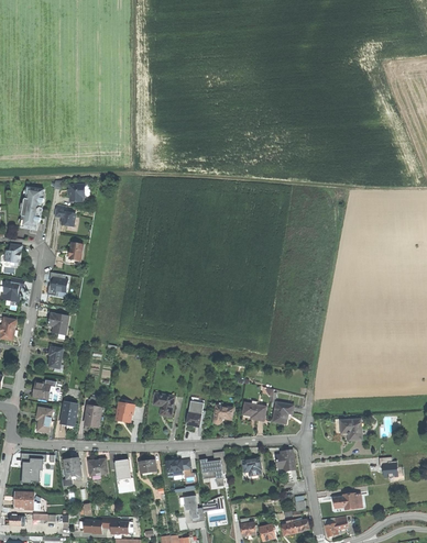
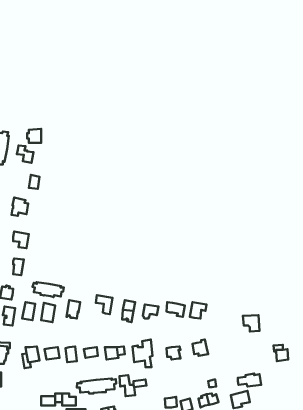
building: none -> [32,282,64,297]
building: none -> [77,378,116,393]

